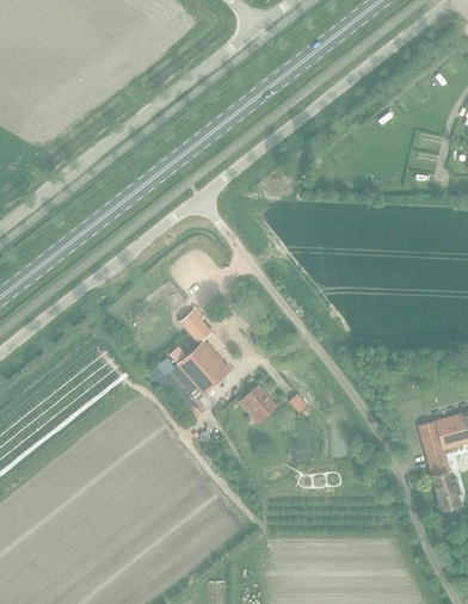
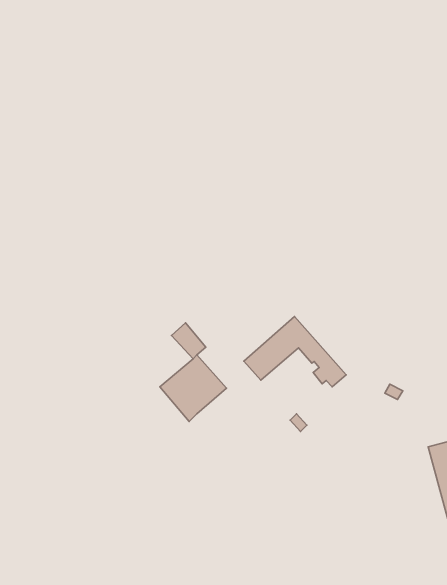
building: none -> [244,316,346,387]
building: [239,384,276,419] -> none

